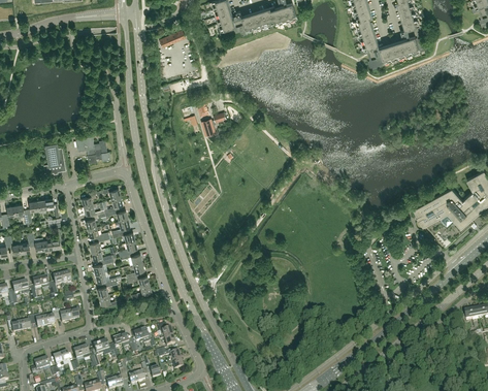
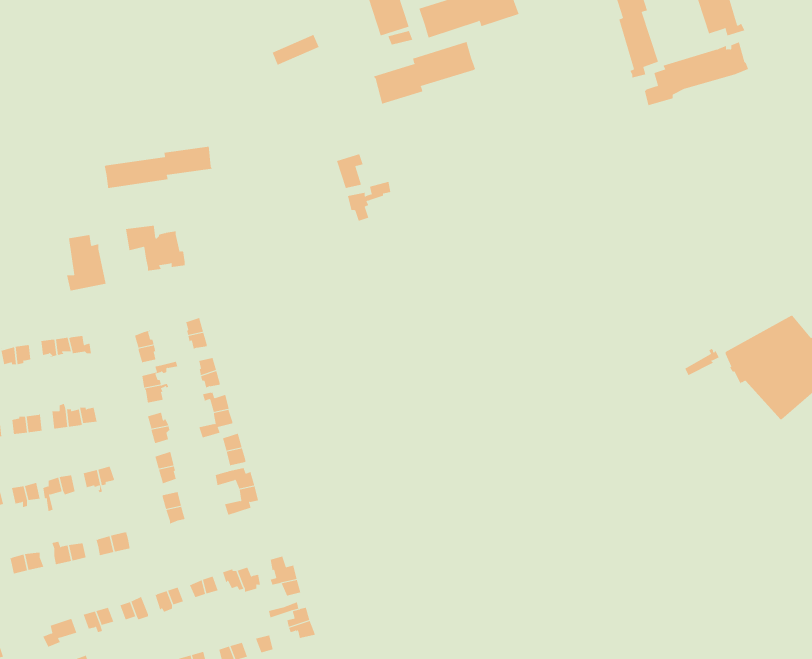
building: none -> [373,41,476,104]
building: none -> [104,146,213,189]

